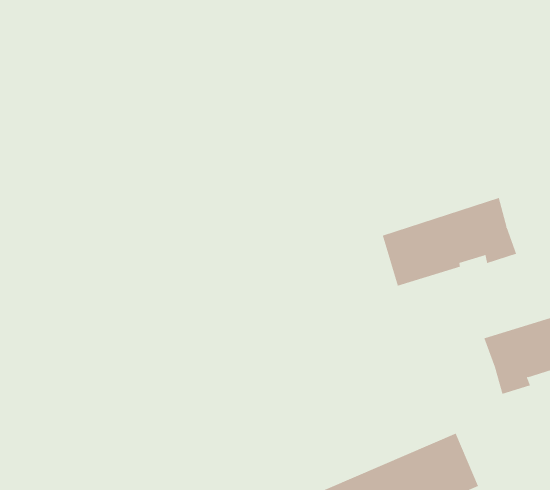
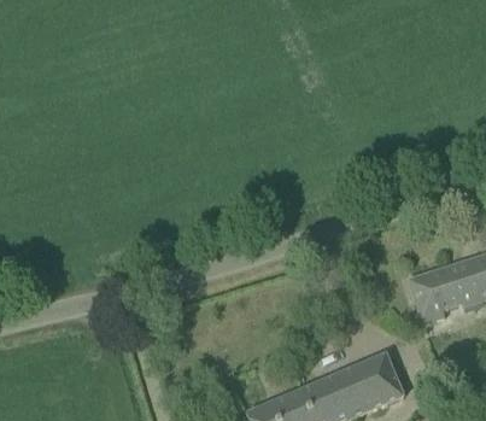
building: [382,197,517,286] -> none

